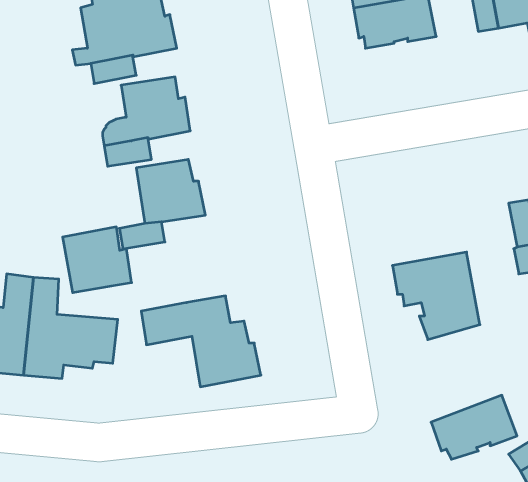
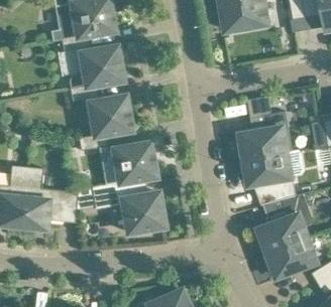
building: none -> [239,112,289,161]
building: [63,227,132,293] -> [113,144,154,183]
building: none -> [259,194,315,255]

